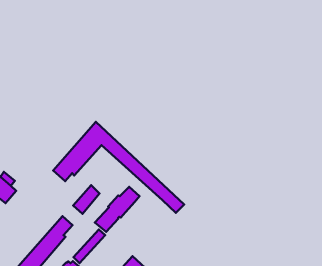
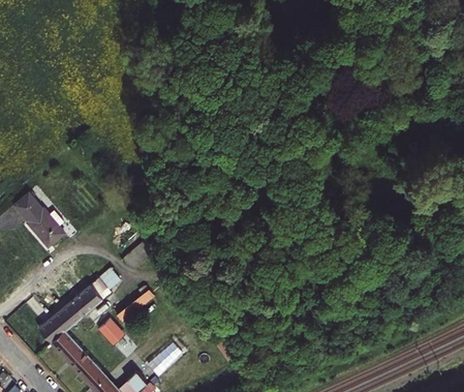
building: [53,122,184,213] -> none
building: [95,187,139,232] -> none

